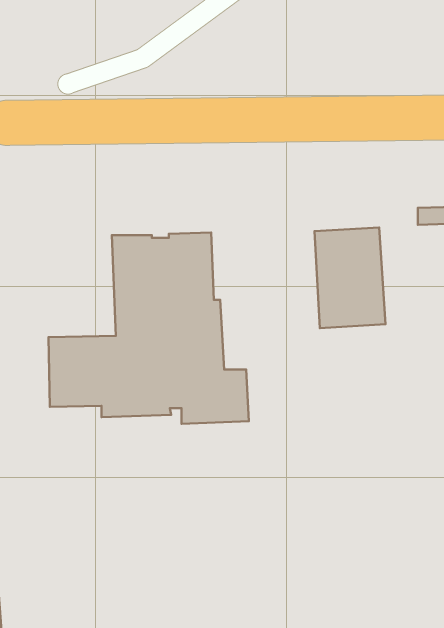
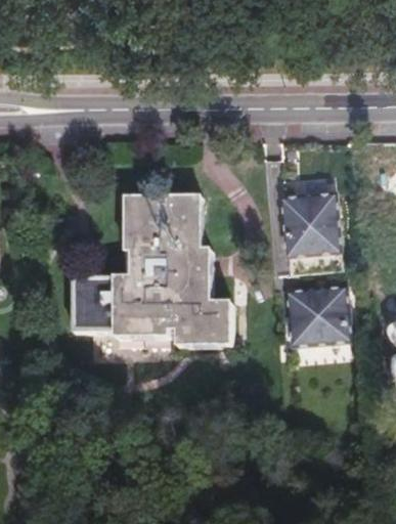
building: none -> [287,287,346,341]

